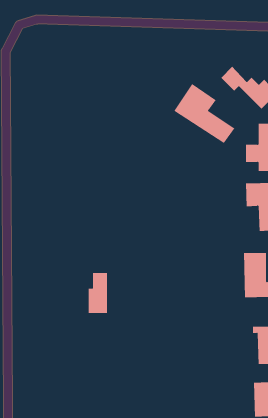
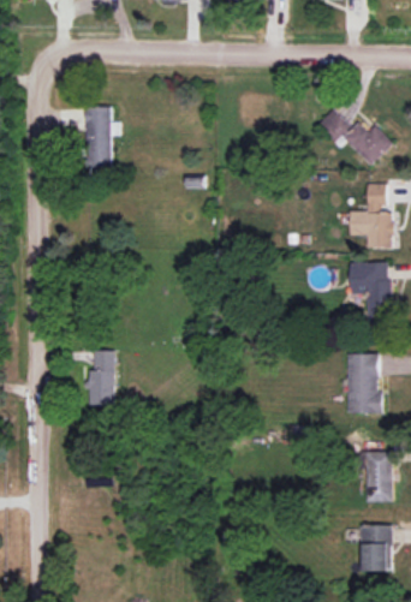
building: none -> [84,107,118,172]
building: [174,83,235,144] -> none
building: [88,273,108,314] -> [87,351,113,405]

